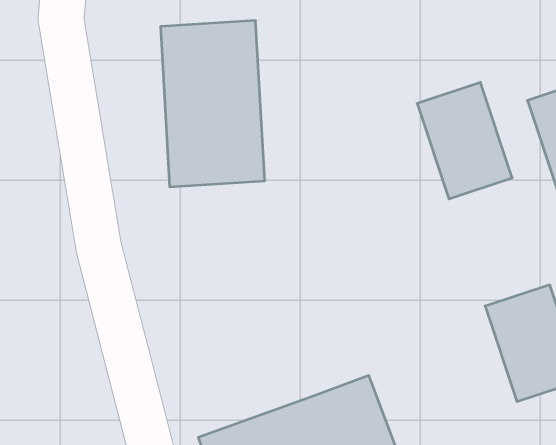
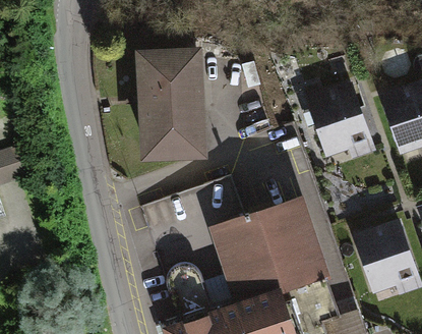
building: none -> [212,194,328,298]

